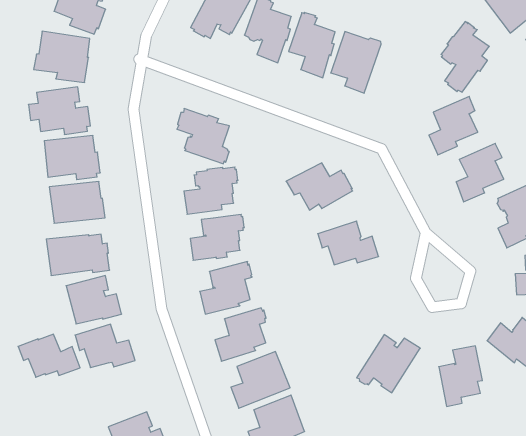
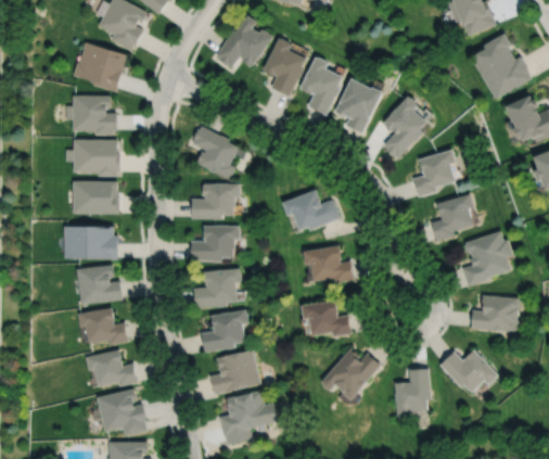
building: [441,22,489,92] -> [384,95,427,157]
building: none -> [302,301,352,337]
building: [18,334,80,377] -> [86,350,138,387]

